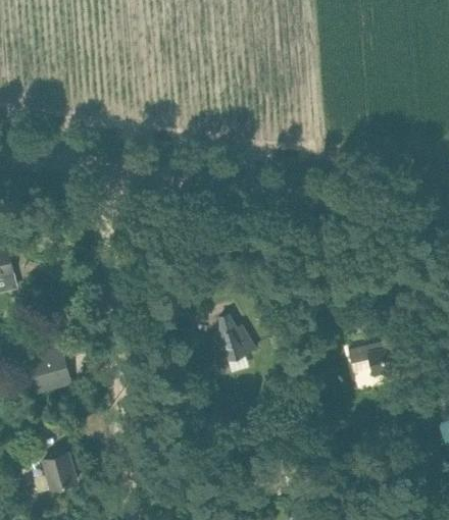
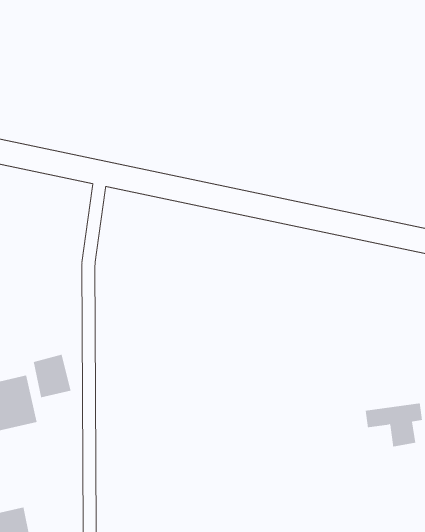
building: [212,314,254,368] -> none
building: none -> [33,354,71,398]

